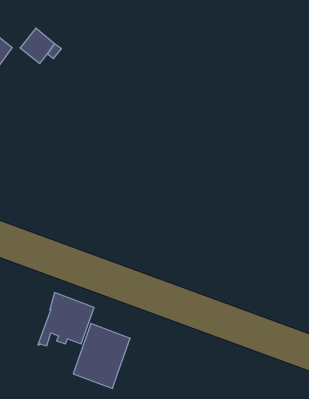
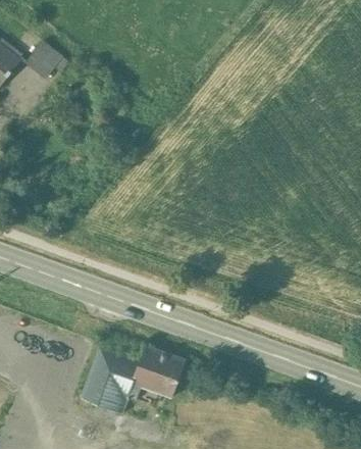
building: [38,293,94,346] -> [127,344,186,399]

